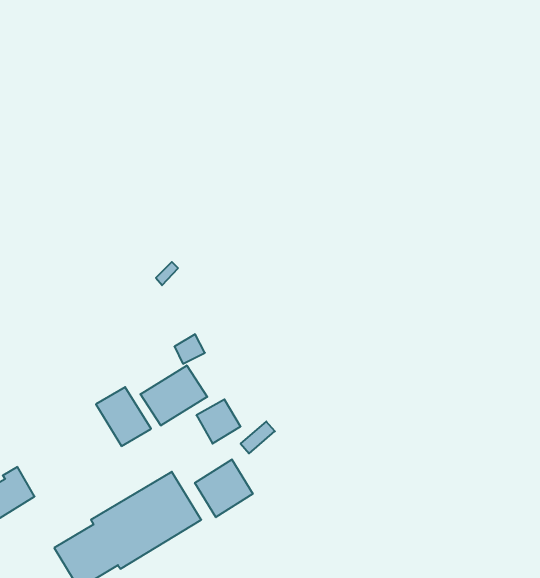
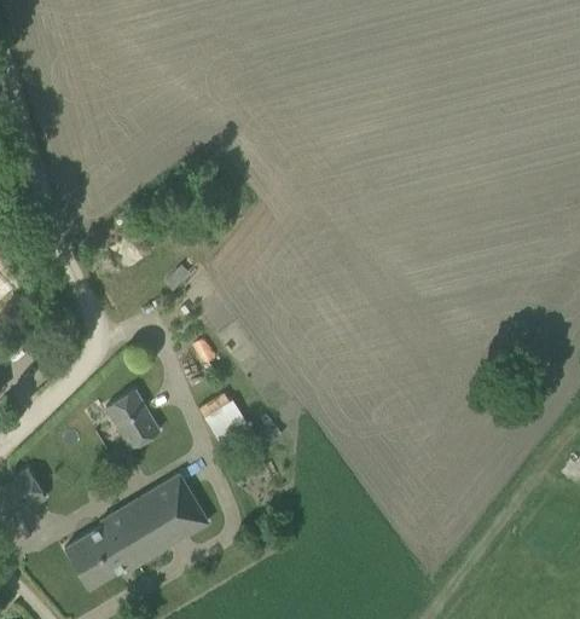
building: [140,365,207,426] -> none
building: [195,459,253,517] -> none

